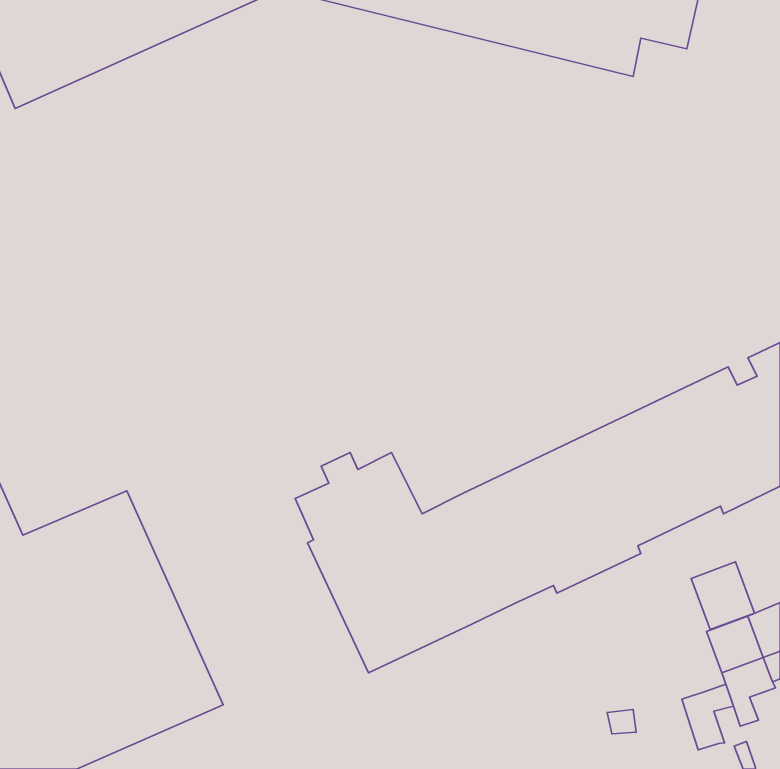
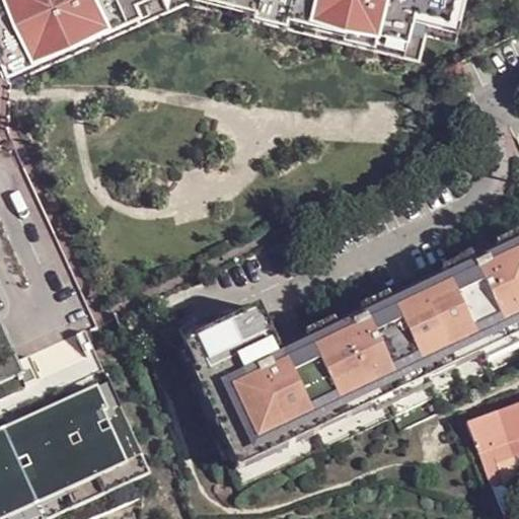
building: [691,562,755,630] -> none
building: [682,684,734,750] -> none

